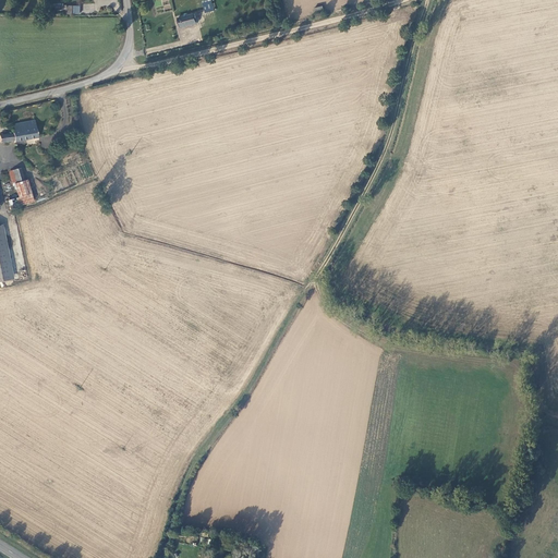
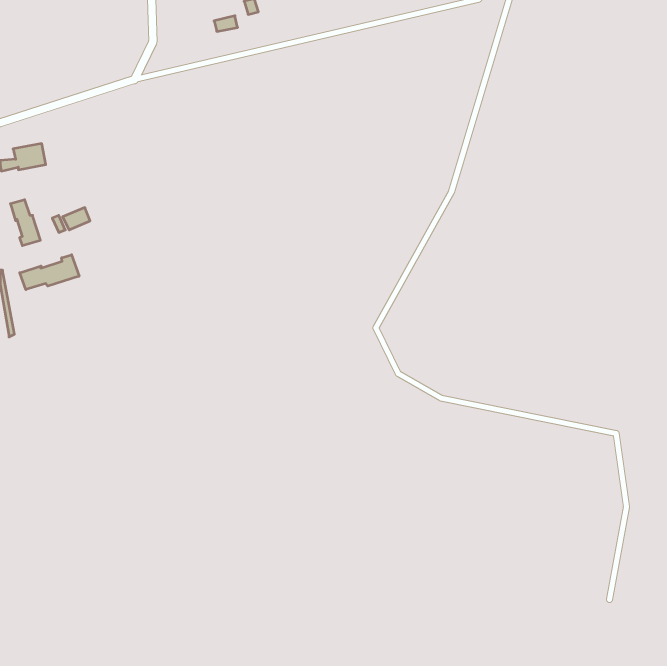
building: none -> [20,255,79,290]

